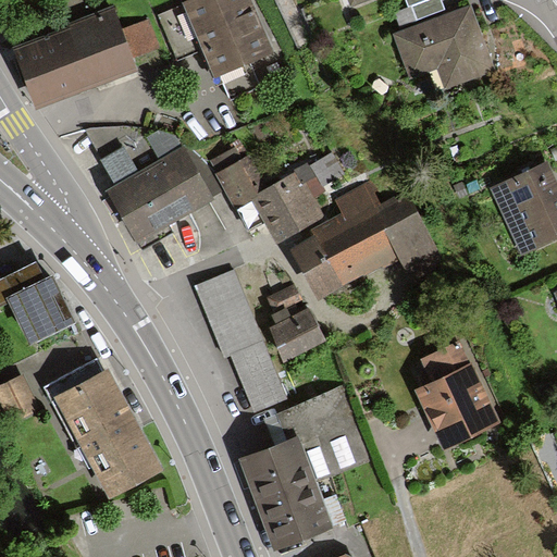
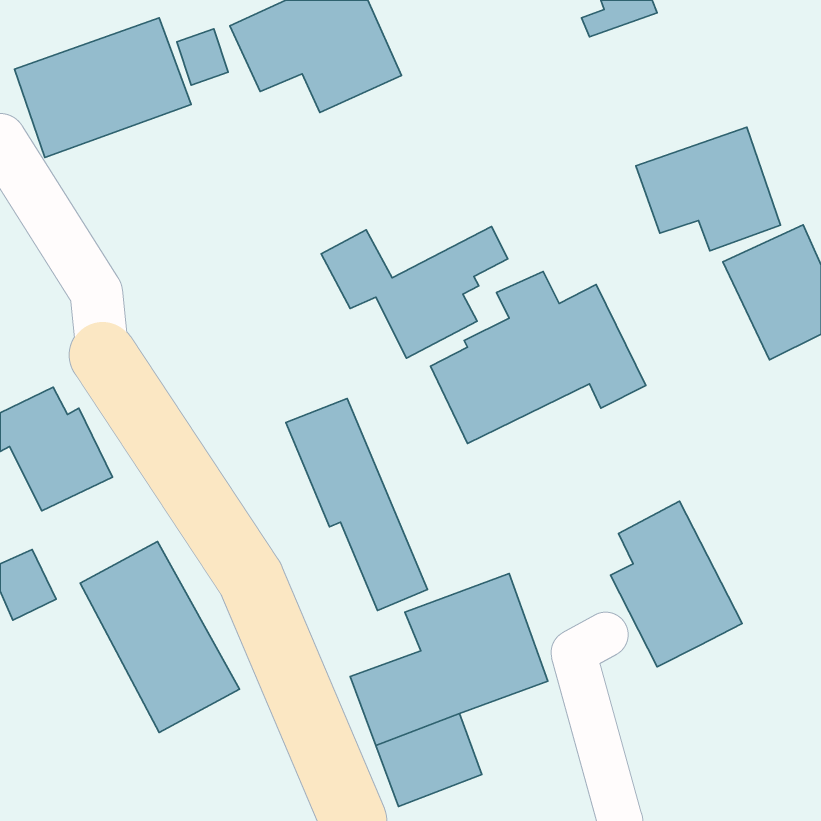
building: [396,4,494,88] -> [636,127,780,251]
building: [87,128,212,248] -> none
building: [267,283,326,360] -> none

